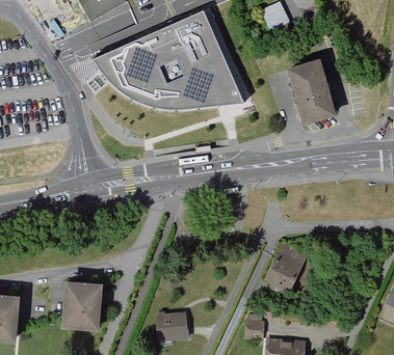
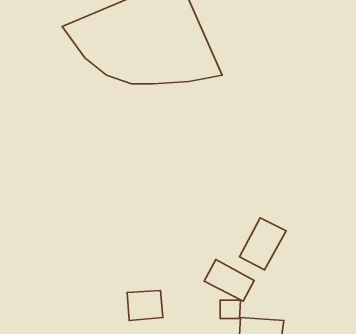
building: [287,61,338,128] -> none
building: [62,274,102,321] -> none
building: none -> [204,260,254,301]

